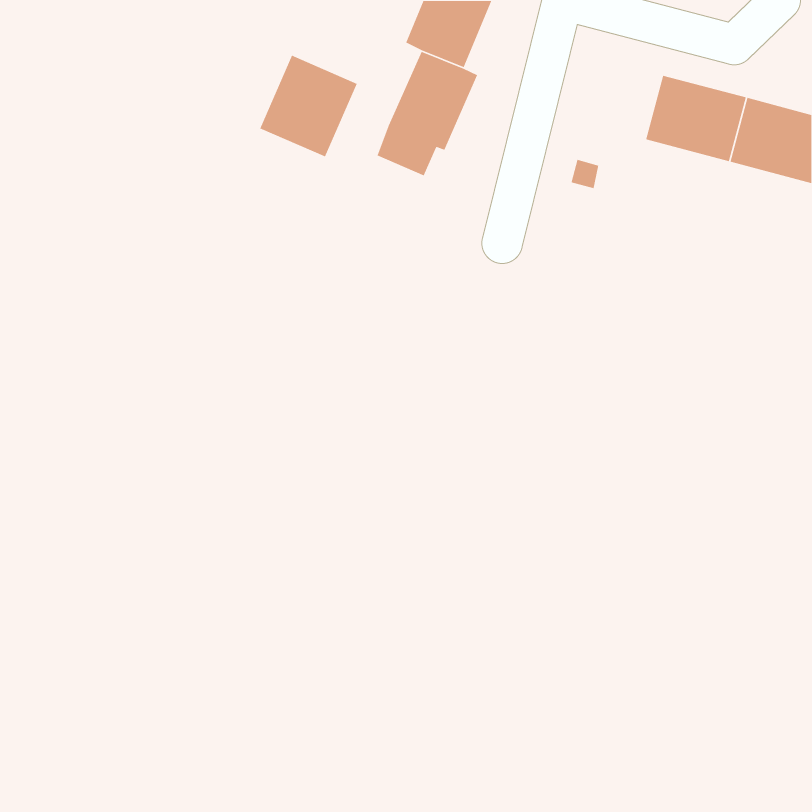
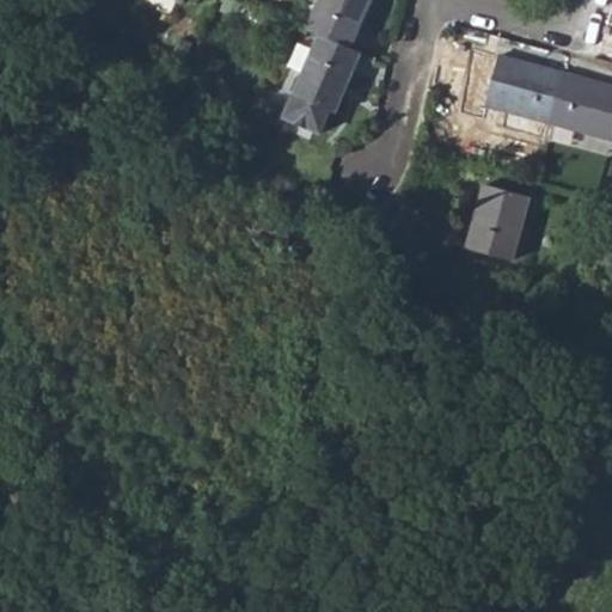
building: [259,55,358,158] -> none
building: none -> [467,184,530,259]

